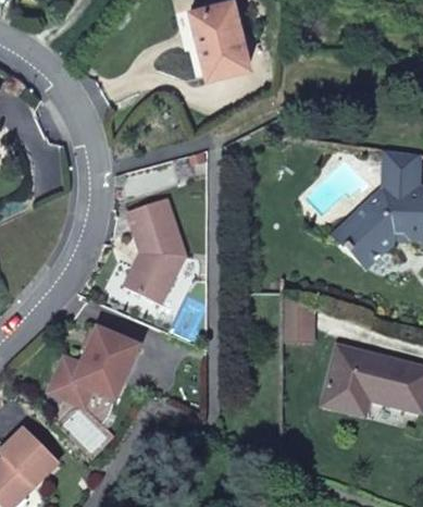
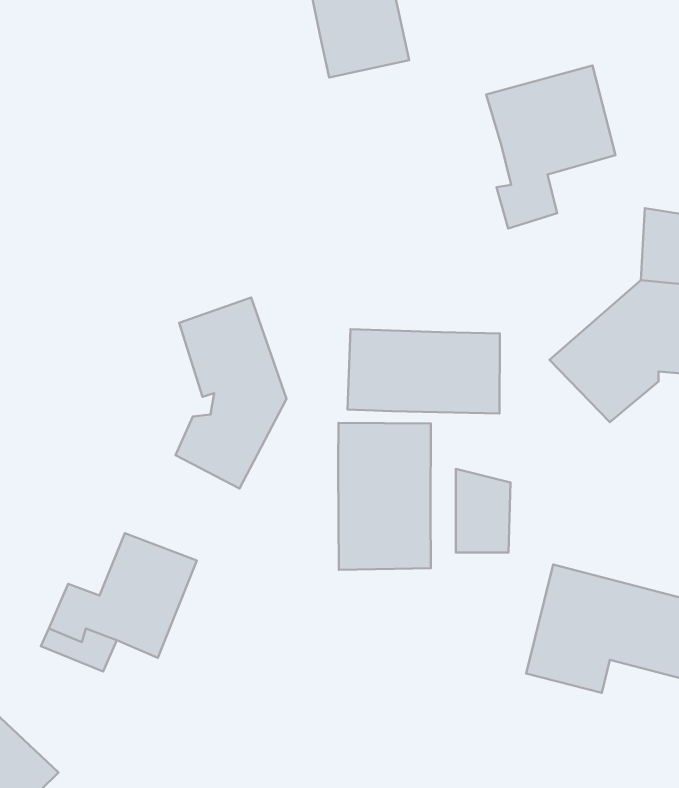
building: none -> [486,65,615,229]
building: none -> [348,329,500,414]
building: none -> [338,423,431,570]

